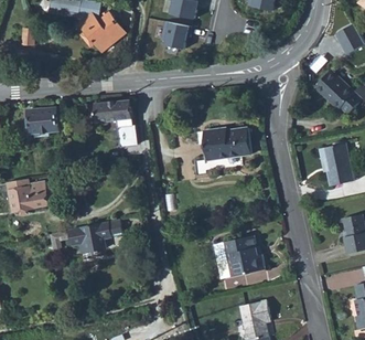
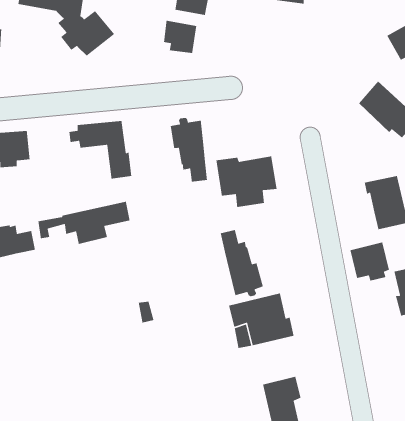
building: none -> [170,117,208,182]
building: none -> [220,229,264,297]
building: none -> [350,241,390,282]
building: [50,219,122,253] -> [37,201,131,245]

